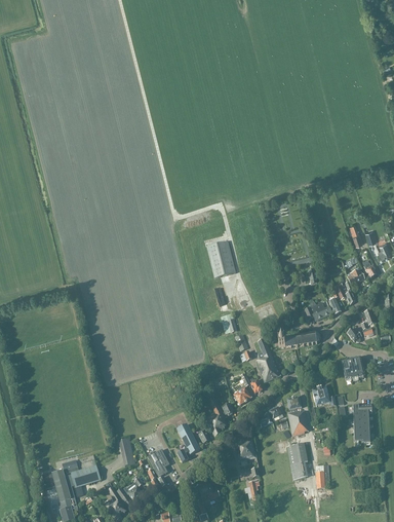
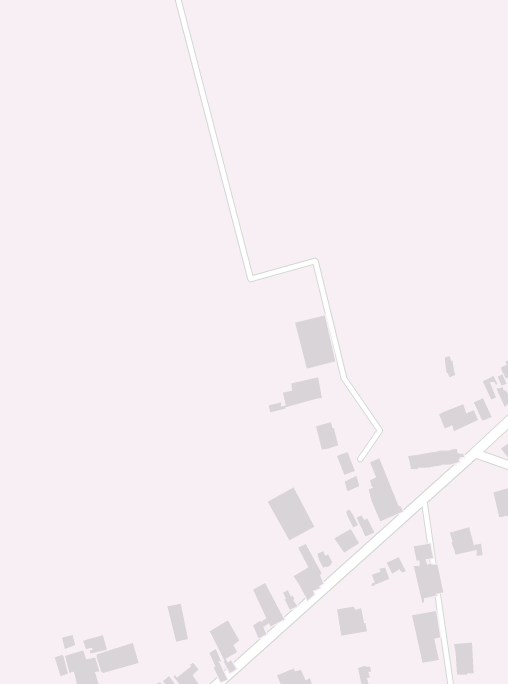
building: none -> [268,377,322,413]
building: none -> [267,487,315,541]

